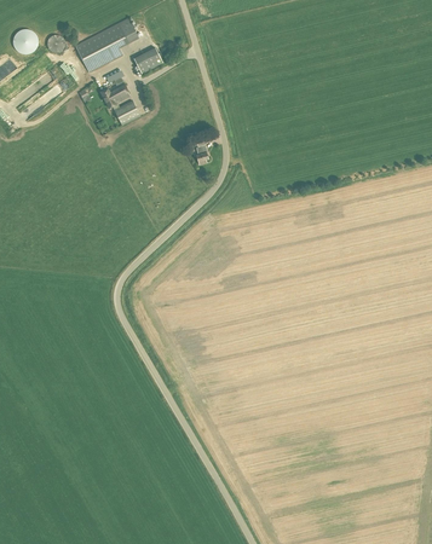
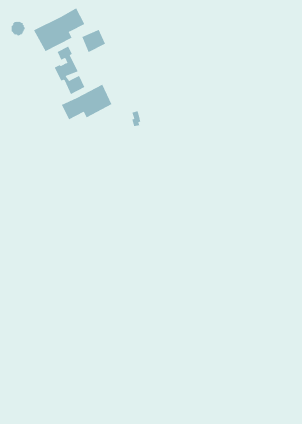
building: none -> [61,84,112,120]

